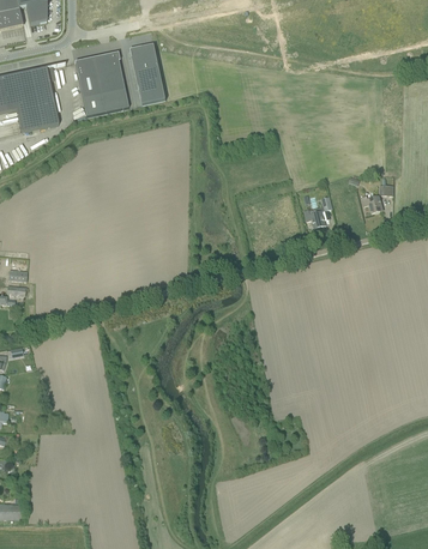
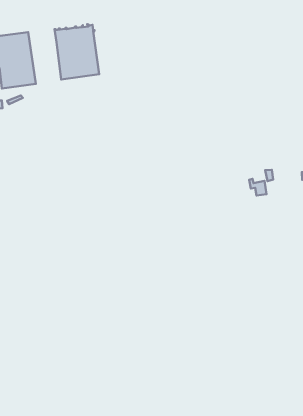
building: [129,43,165,104] -> none

